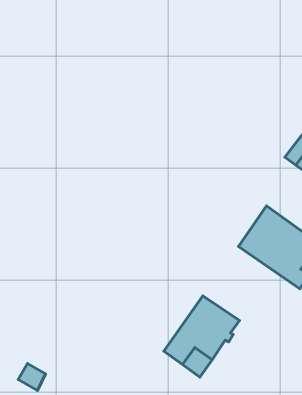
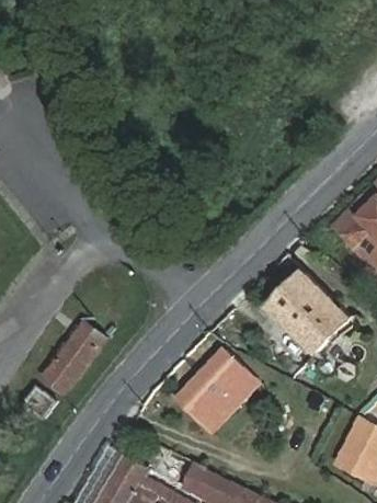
building: none -> [44,325,106,396]

